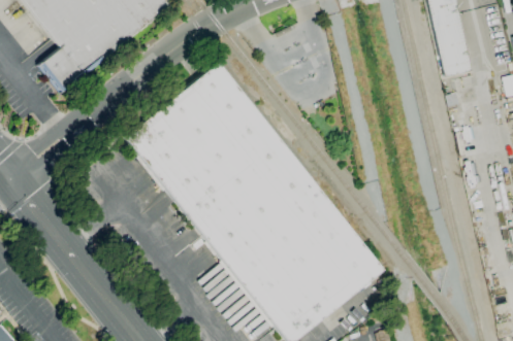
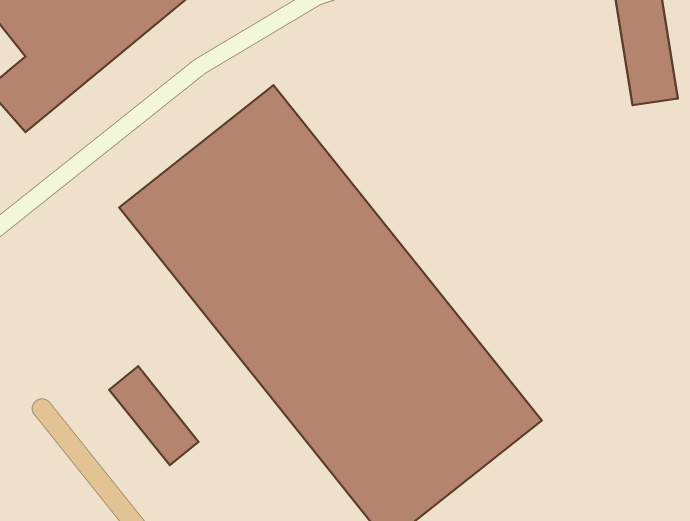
building: none -> [109,366,198,465]

